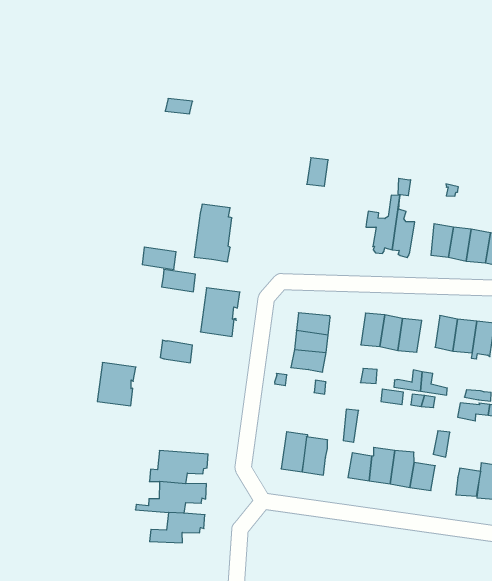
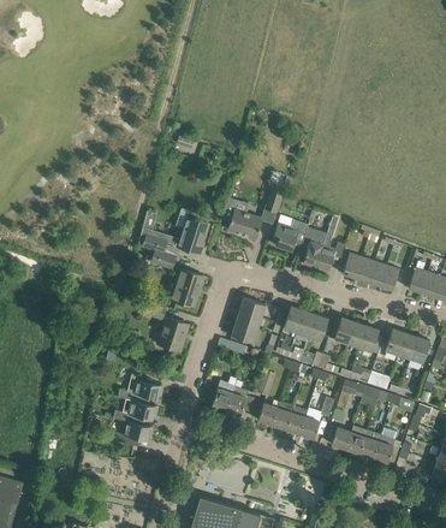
building: none -> [221,207,262,239]
building: none -> [272,221,307,251]
building: [97,363,136,406] -> [157,318,189,351]

